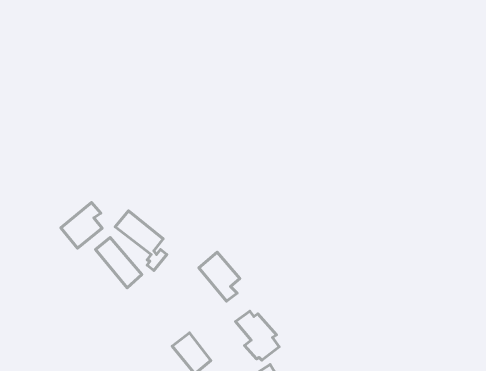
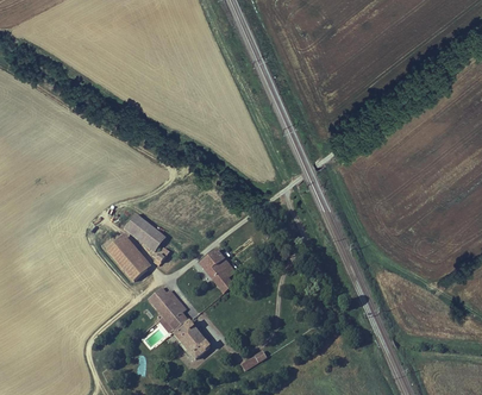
building: [61,203,102,248] -> none
building: [235,311,279,360] -> [148,287,187,331]

